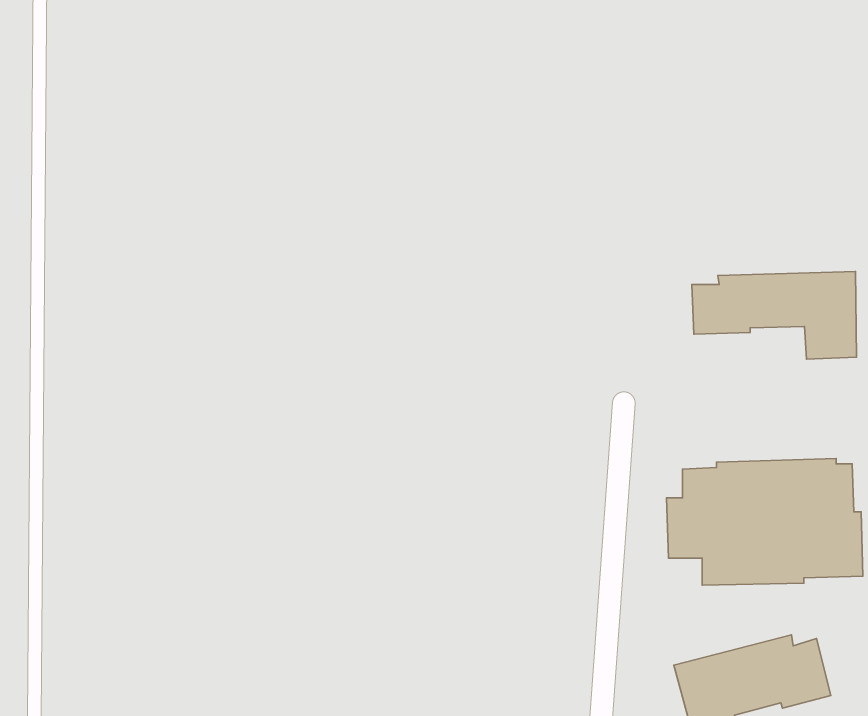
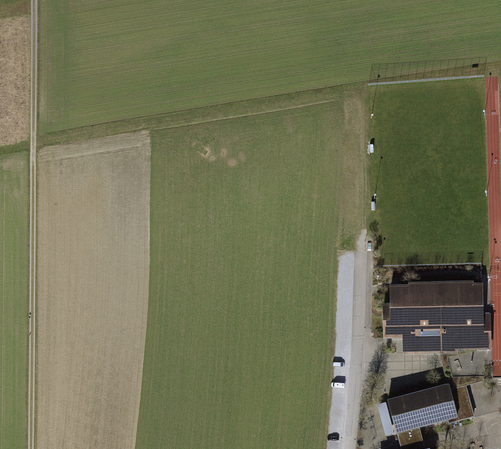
building: [692,271,856,359] -> none

